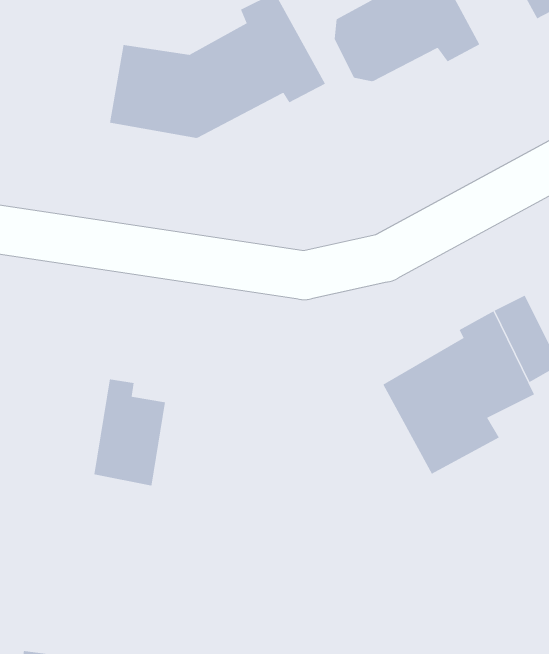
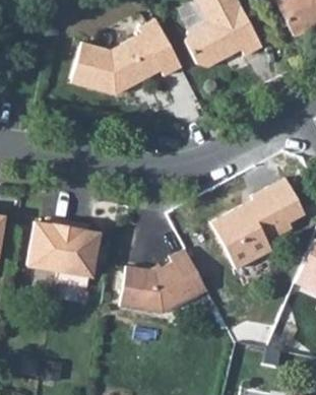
building: none -> [29,217,69,269]
building: none -> [118,249,207,313]

